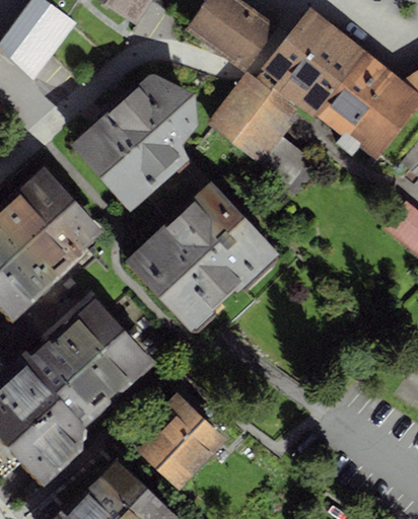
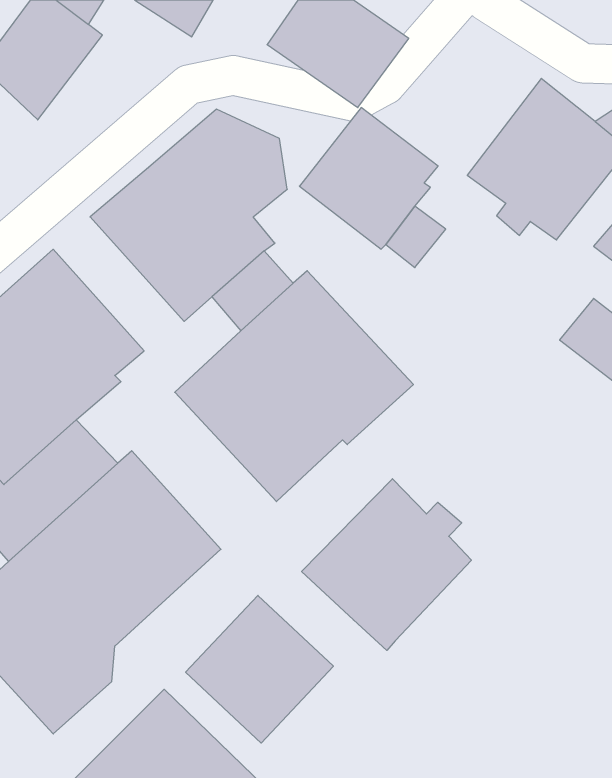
building: [261,8,365,120] -> none
building: none -> [302,479,471,650]

